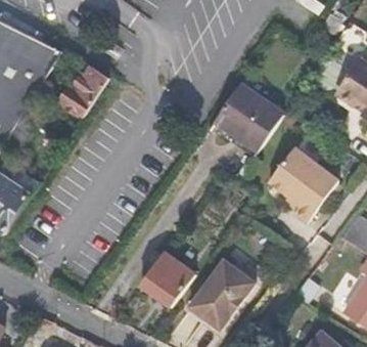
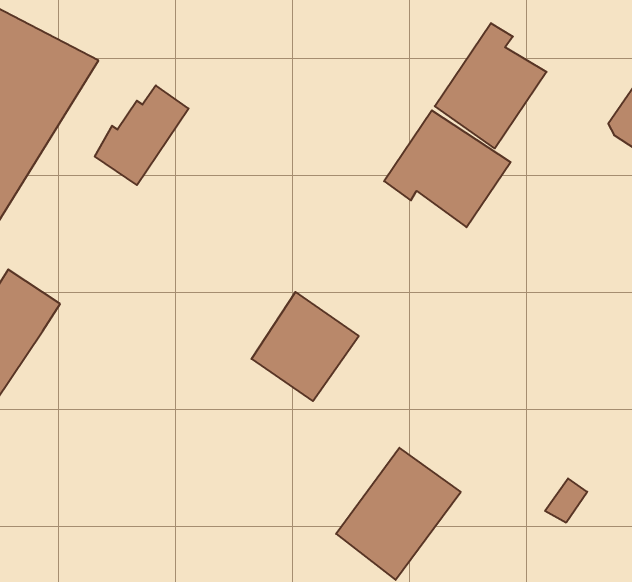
building: none -> [435,23,547,148]
building: [262,145,332,221] -> none
building: [137,248,194,306] -> [251,292,359,401]

